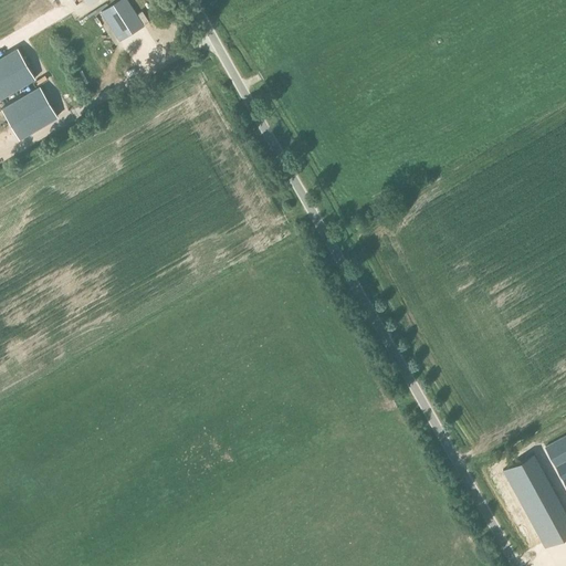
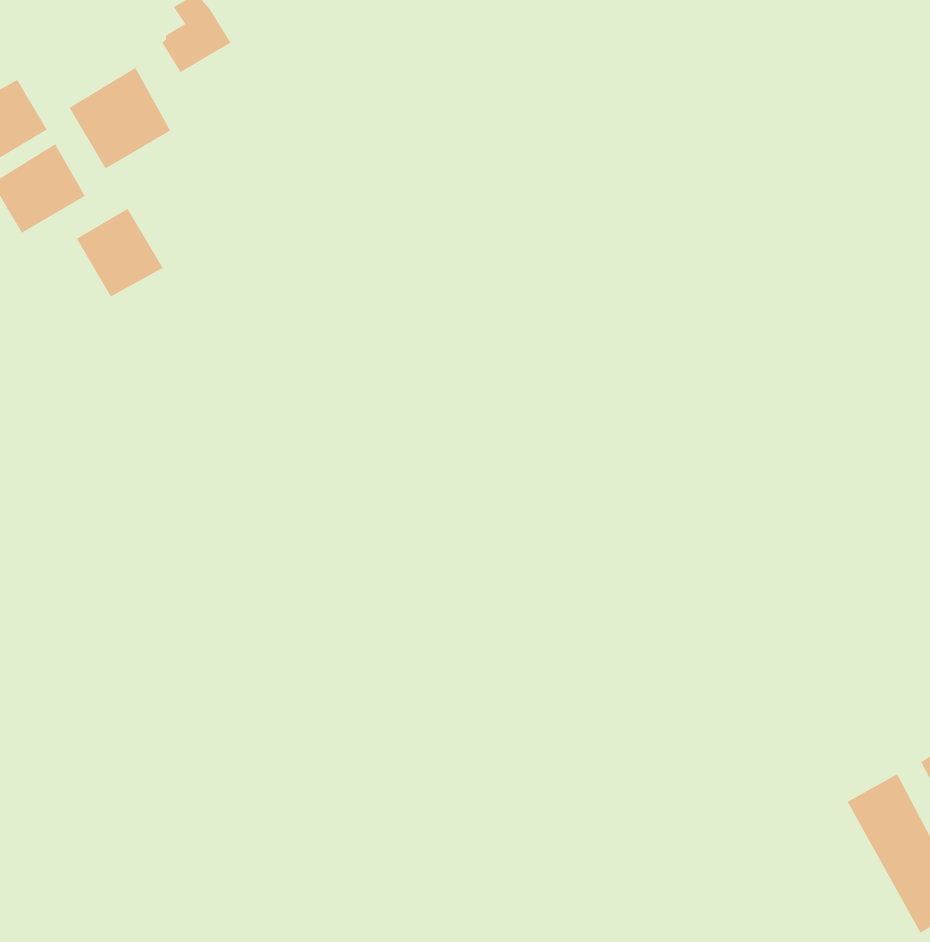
building: none -> [69,67,171,169]
building: none -> [76,208,164,298]

